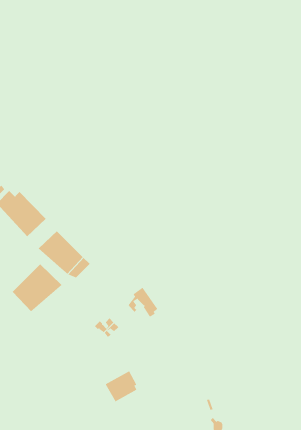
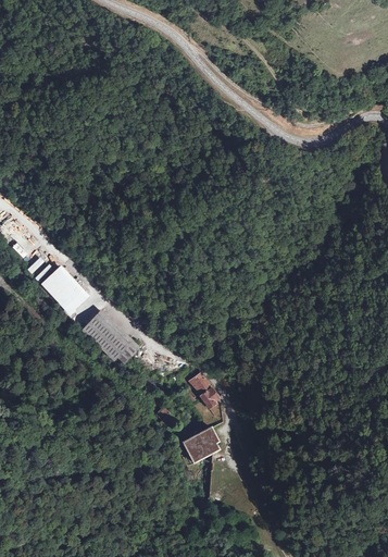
building: [12,264,63,312] -> none
building: [105,371,137,402] -> [182,426,218,462]

